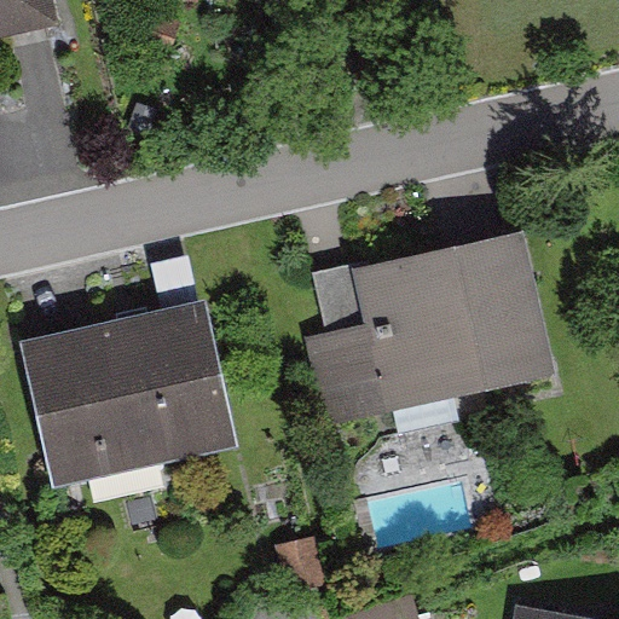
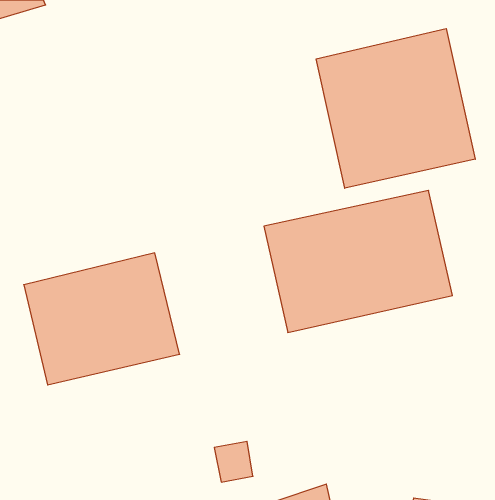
building: none -> [316,29,475,188]

